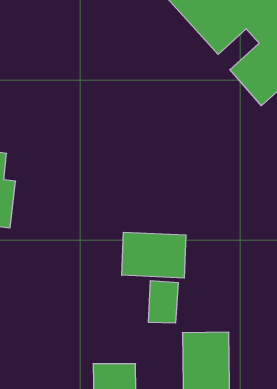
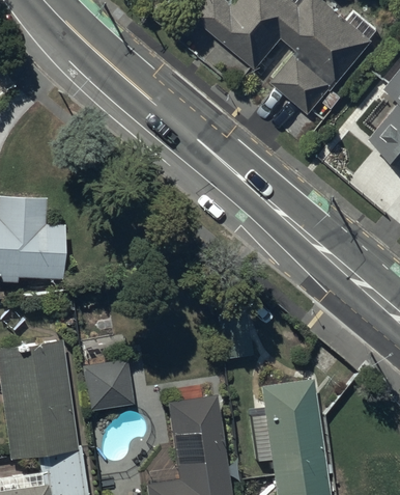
building: [122,232,186,278] -> none
building: none -> [82,365,135,419]

